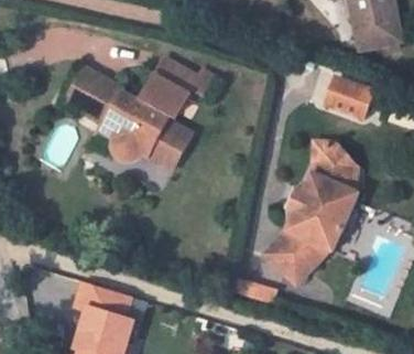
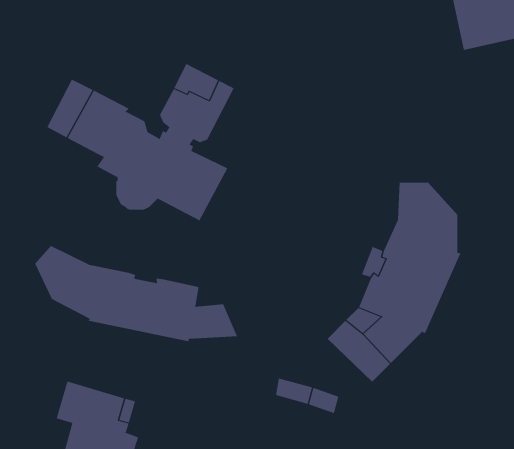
building: [325,74,373,115] -> none
building: none -> [35,245,238,342]

